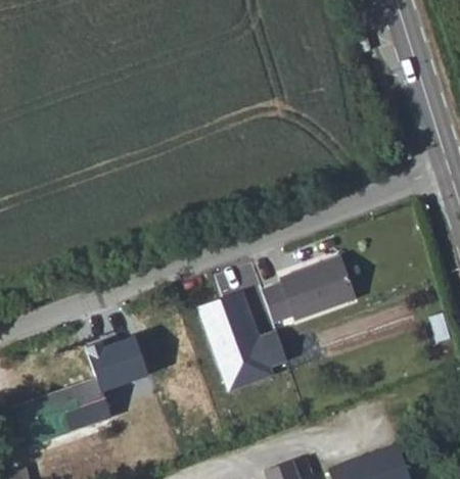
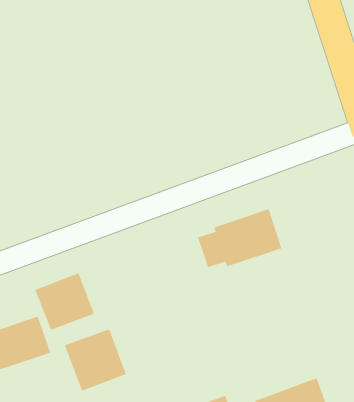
building: [199,289,287,389] -> none
building: none -> [64,329,127,391]

